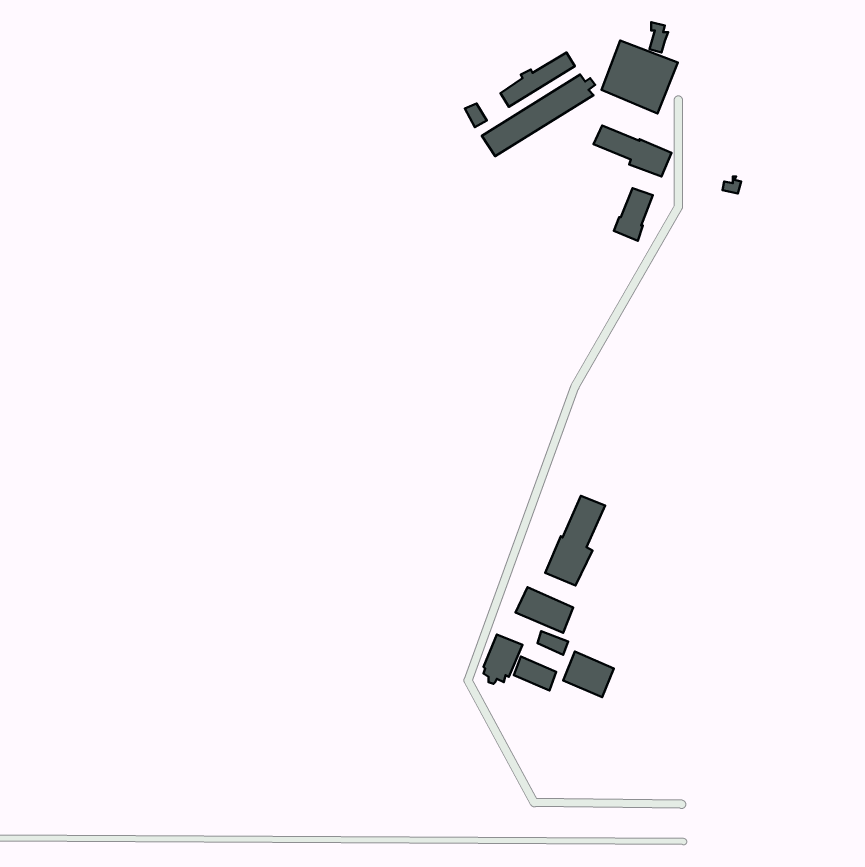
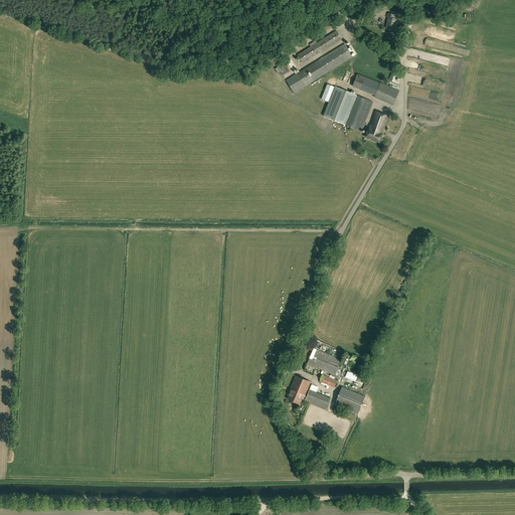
building: [602,41,678,114] -> [327,89,372,132]
building: [545,496,605,585] -> none

